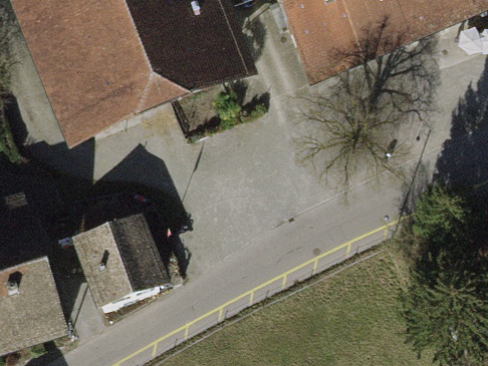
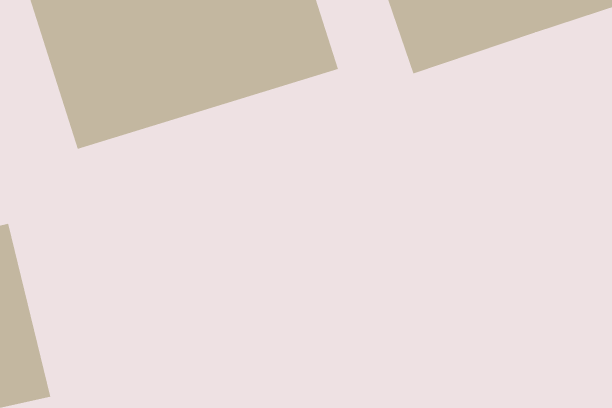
building: [72,198,166,306] -> none

